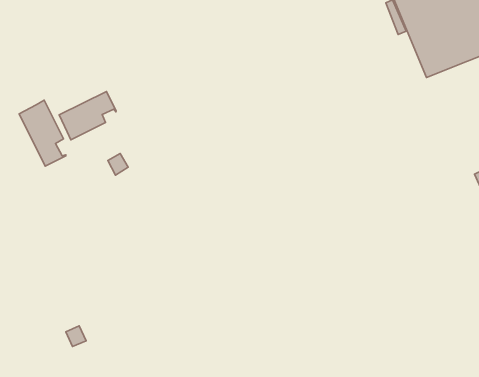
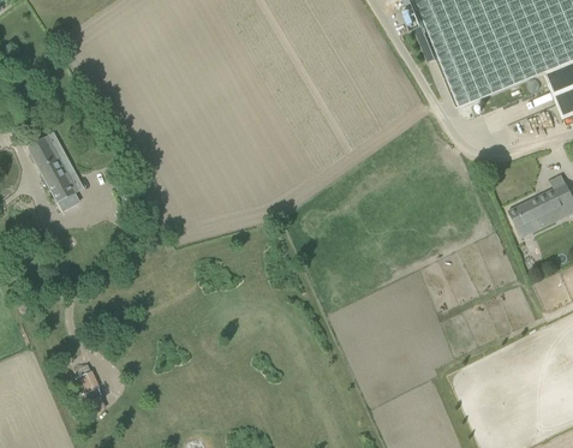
building: [59,91,116,140] -> none

